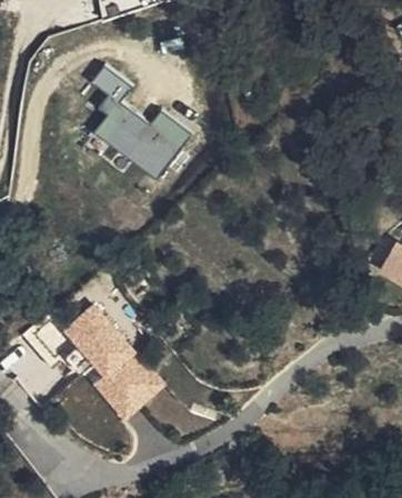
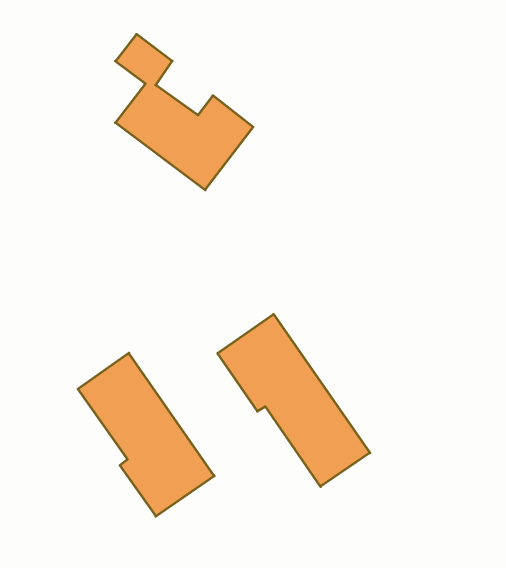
building: none -> [218,314,370,487]

